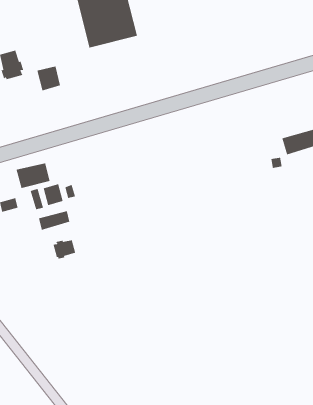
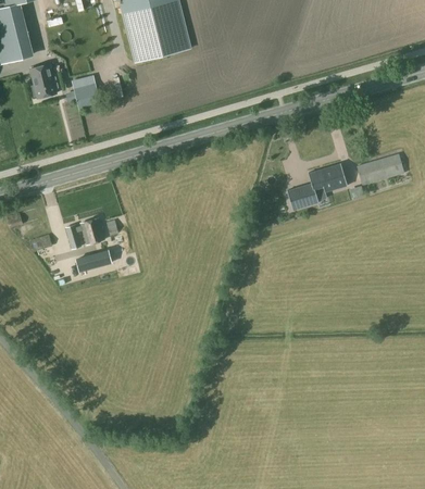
building: none -> [288,164,347,209]
building: [16,163,50,189] -> none
building: [53,239,76,260] -> none

